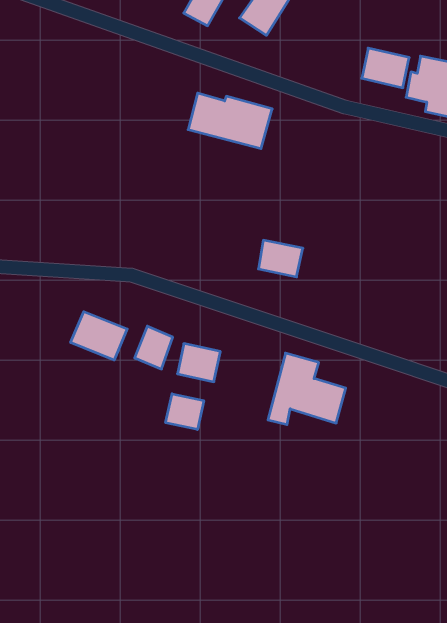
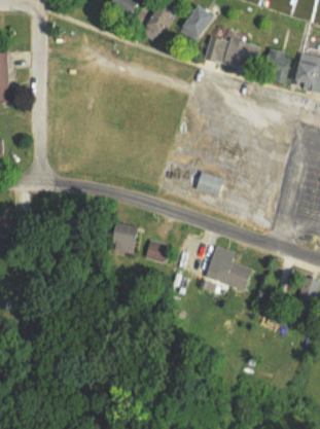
building: [188,93,272,149] -> [206,35,260,71]
building: [71,312,127,360] -> none
building: [166,394,204,430] -> none

